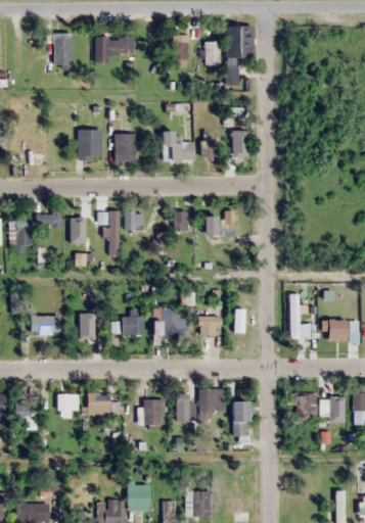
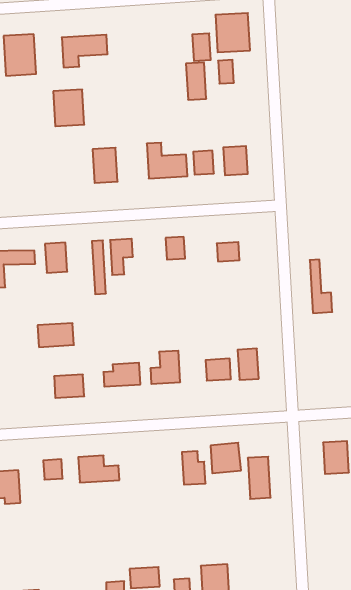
building: [172,37,187,67] -> [186,63,206,100]
building: [78,130,102,159] -> [53,90,84,126]
building: [290,295,307,340] -> [310,260,332,313]
building: [31,317,60,335] -> [38,323,74,347]
building: [142,399,161,425] -> none

